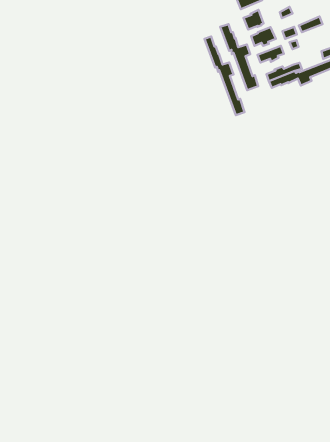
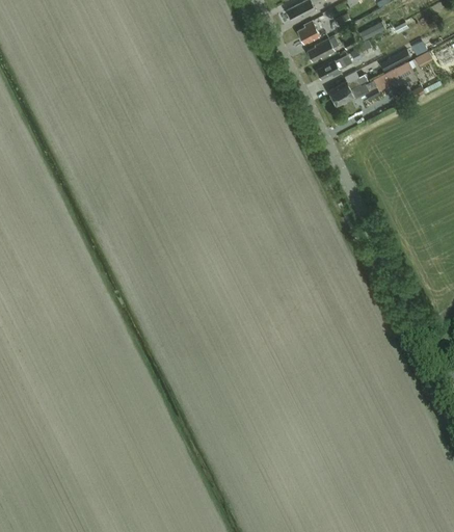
building: [220,24,258,90] -> none
building: [204,37,244,115] -> none

